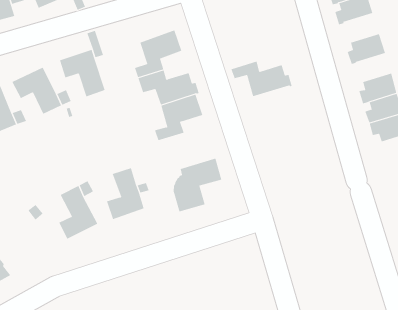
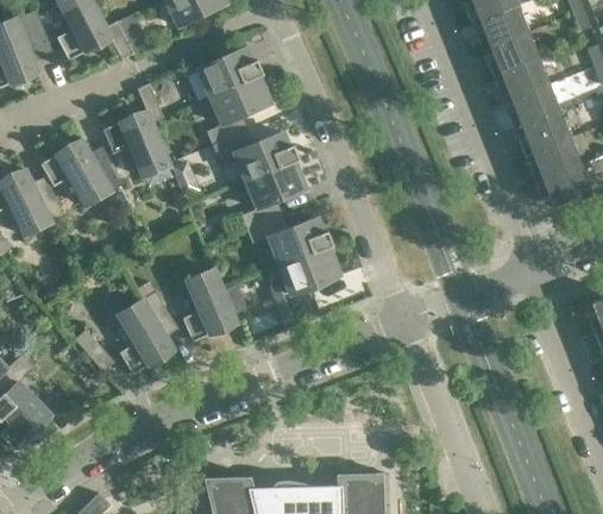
building: none -> [199,48,264,96]
building: none -> [486,31,540,77]
building: none -> [508,84,561,131]
building: [231,61,292,97] -> [247,215,334,265]

